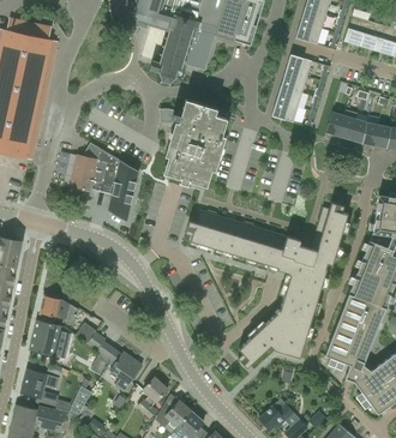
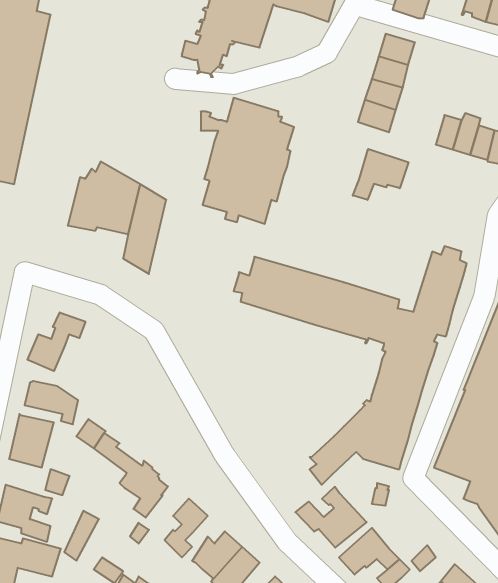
building: none -> [353,149,408,200]
building: none -> [28,312,85,371]
building: none -> [295,487,367,548]

